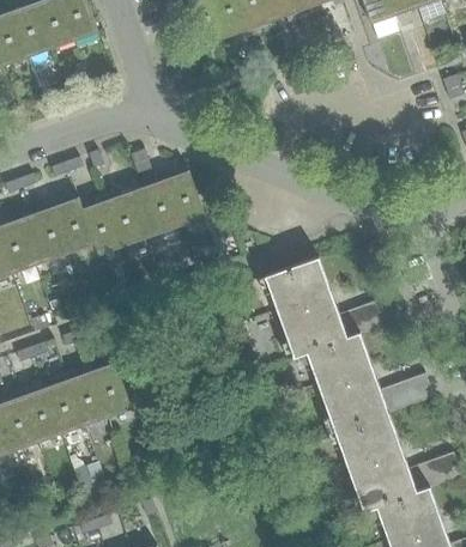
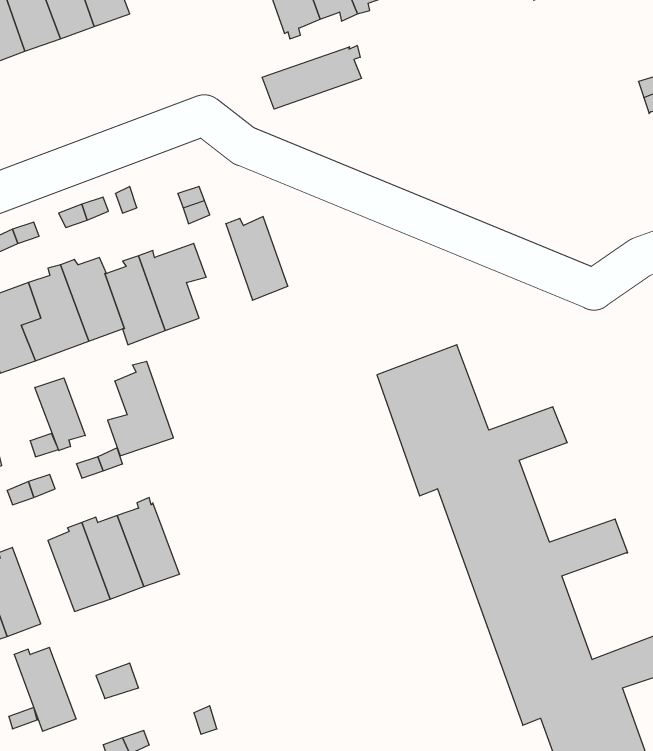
building: none -> [262,45,362,109]
building: [137,175,181,238] -> [108,361,173,456]
building: none -> [35,378,85,451]
building: [19,388,61,444] -> [14,648,76,731]

